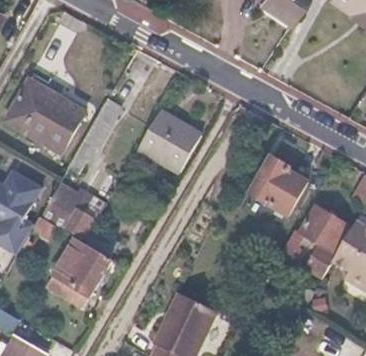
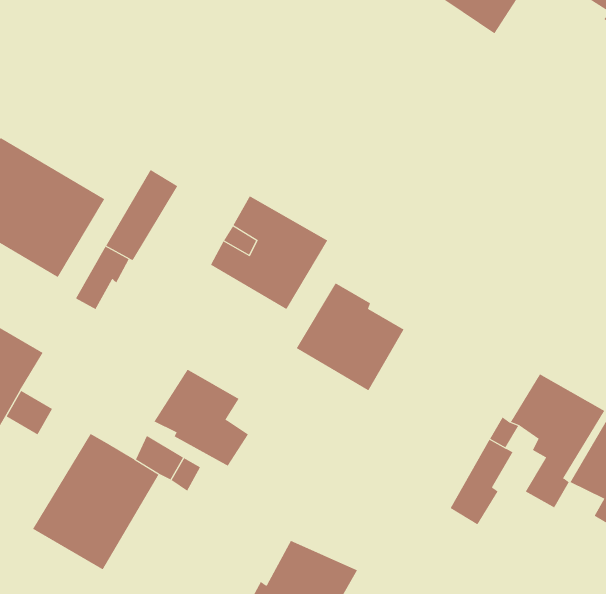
building: [251,156,309,214] -> [296,283,405,391]
building: [43,184,94,236] -> [153,369,249,466]

